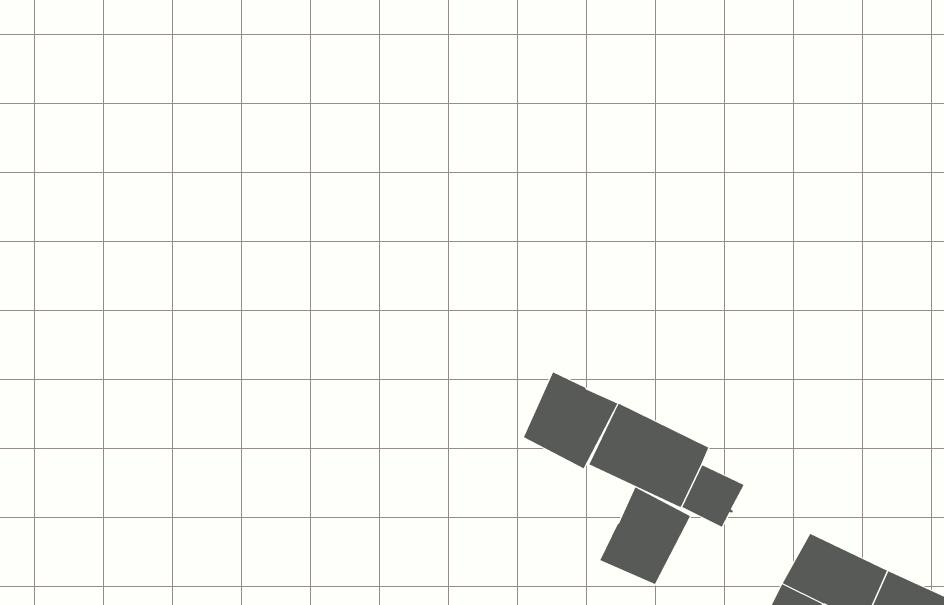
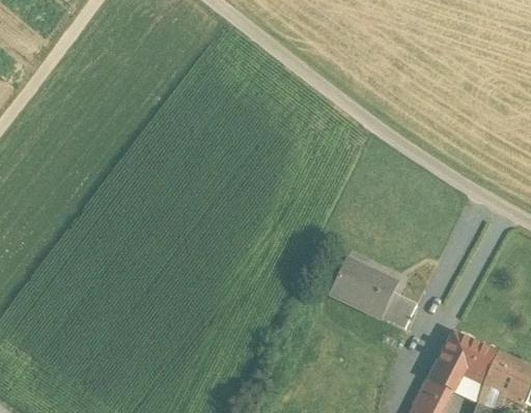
building: [523,371,618,469] -> none
building: [599,486,691,585] -> none

